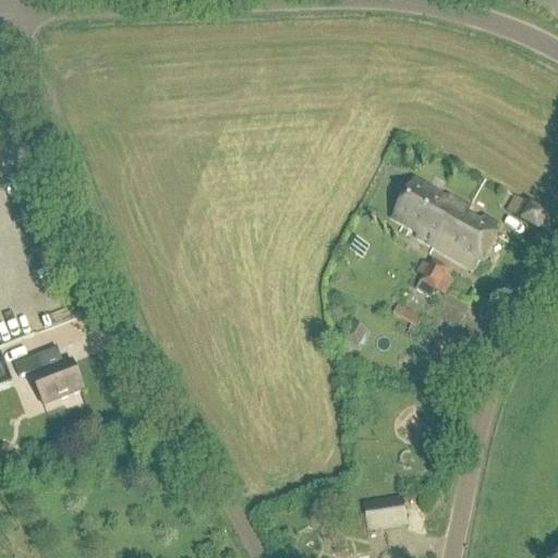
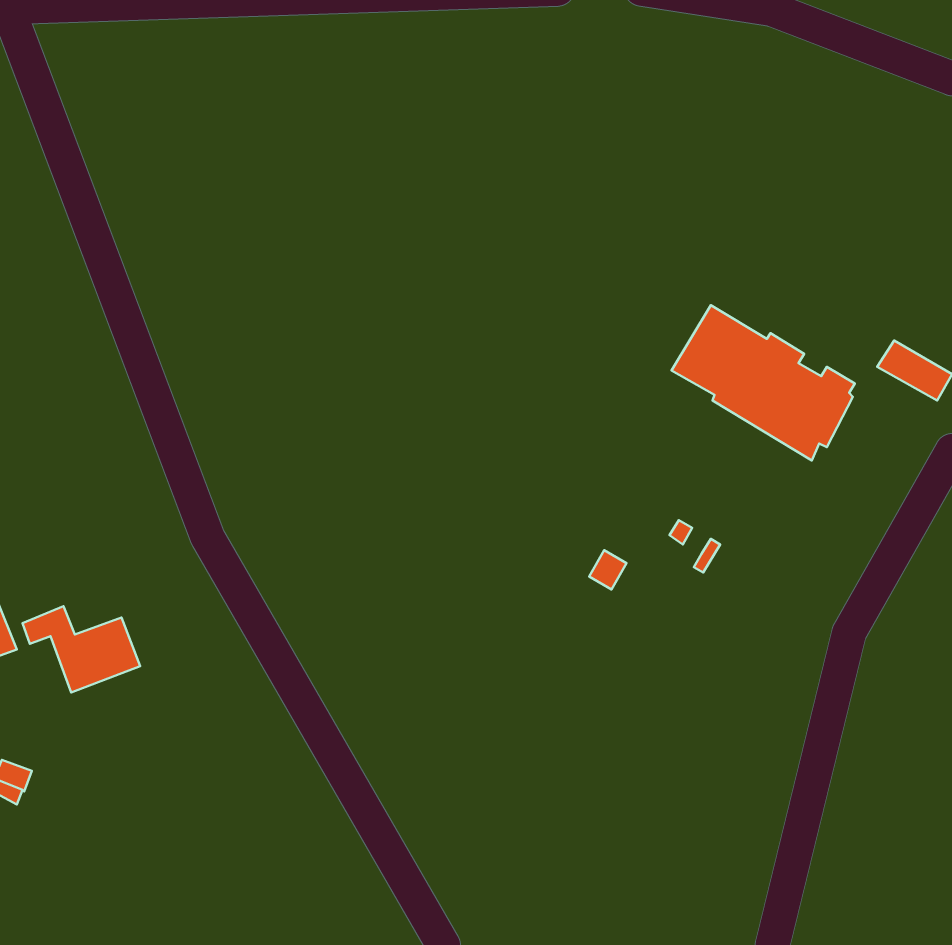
building: [415,257,452,295] -> none
building: [363,494,404,529] -> none

